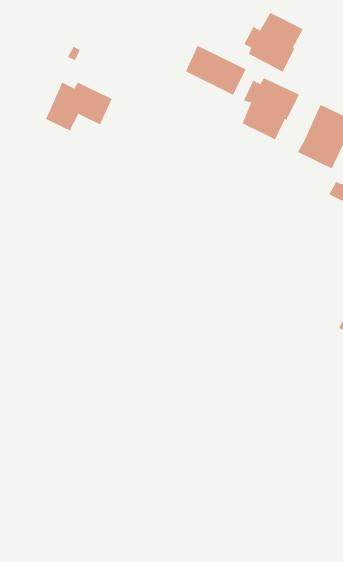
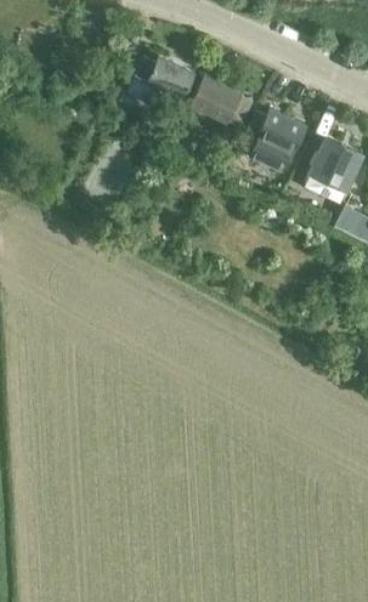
building: [244,12,304,73] -> none
building: [45,82,112,131] -> [128,56,196,106]

